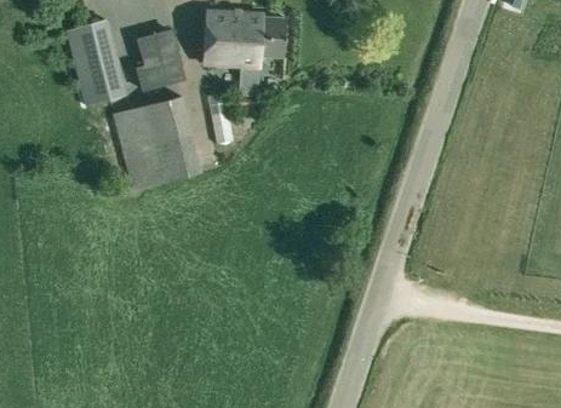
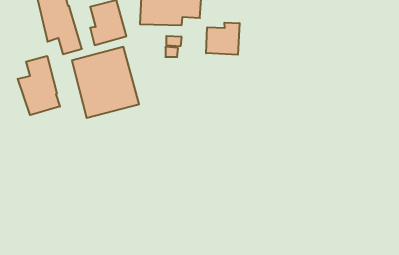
building: none -> [206,23,240,55]
building: none -> [18,56,60,115]

